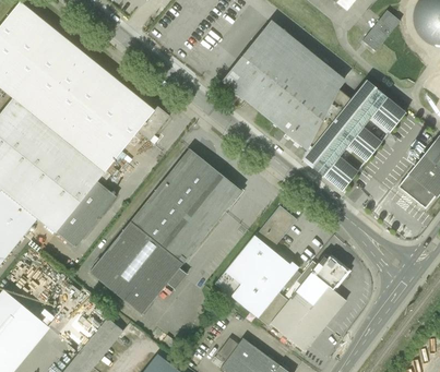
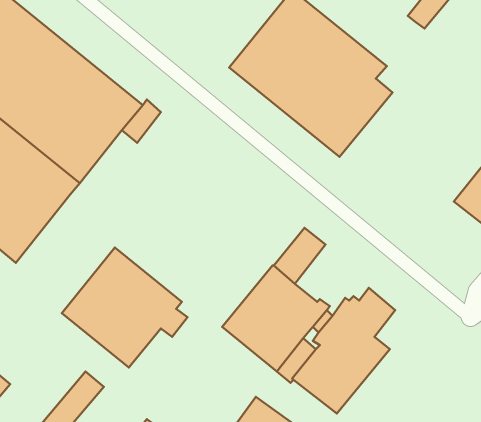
building: [301,79,405,189] -> none
building: [131,148,242,263] -> none
building: [53,179,115,247] -> none

